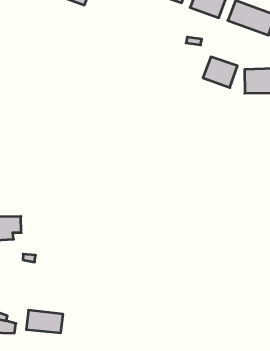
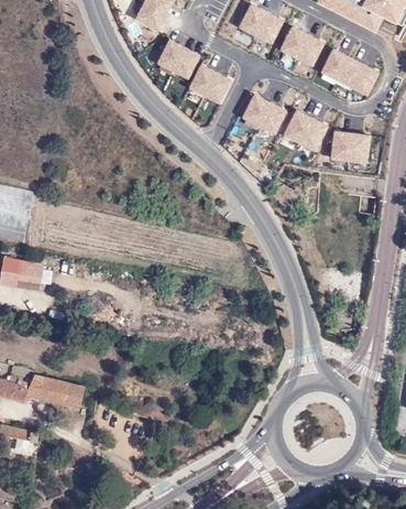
building: none -> [156,40,199,78]
building: none -> [188,65,230,104]
building: none -> [242,95,286,133]

